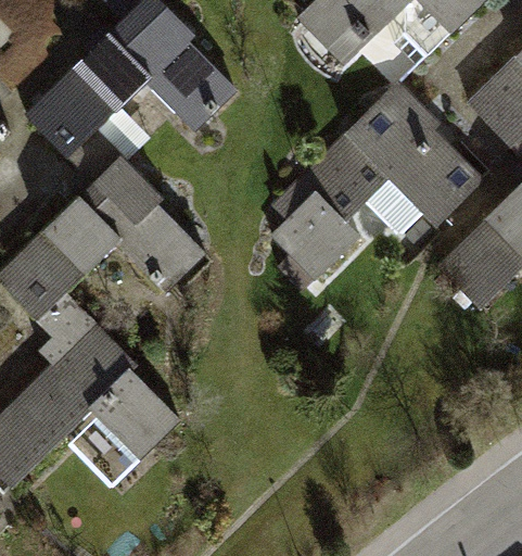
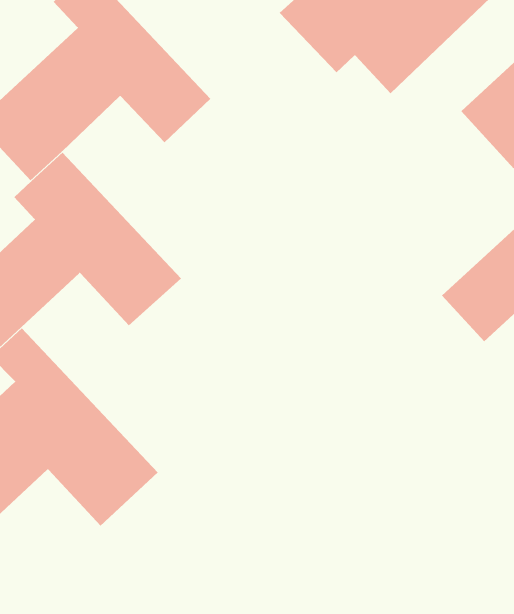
building: [268,111,481,280] -> none

